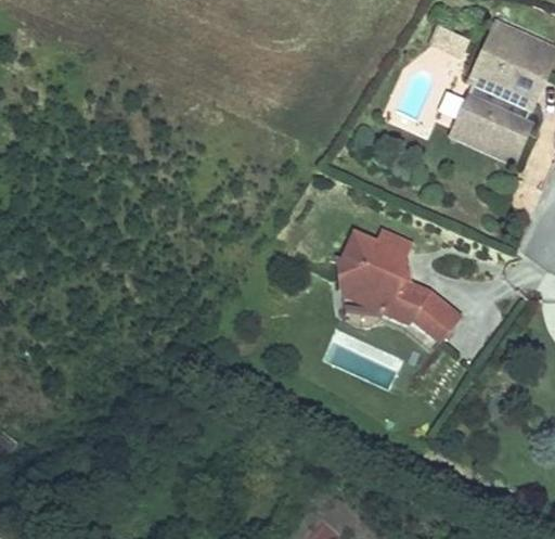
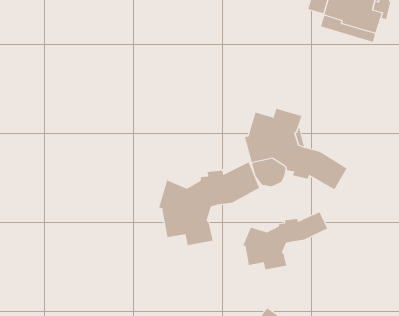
building: none -> [159,161,260,246]
building: none -> [242,212,328,270]

